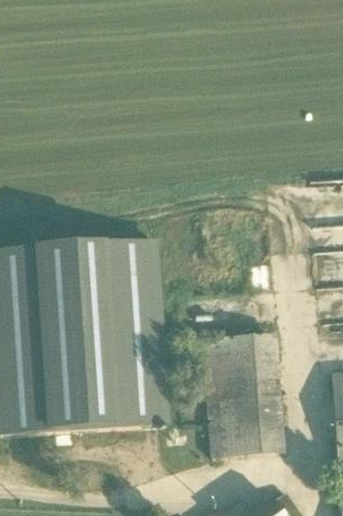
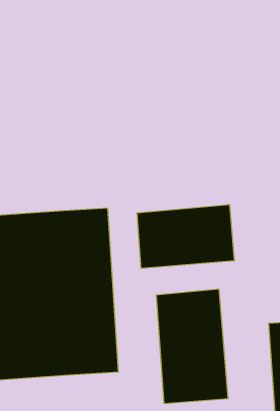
building: none -> [137,204,234,269]

